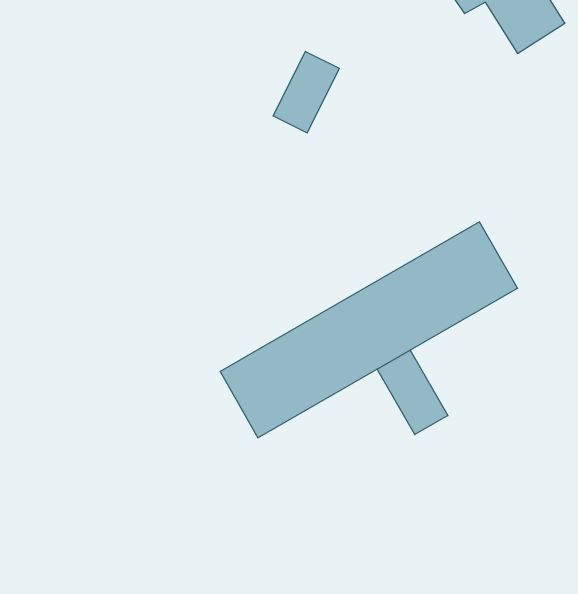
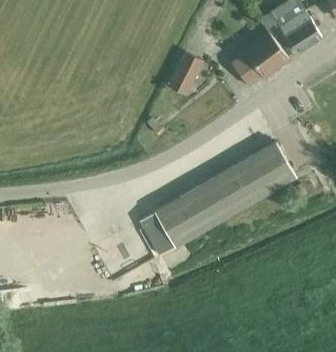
building: none -> [230,32,288,87]
building: [377,350,448,435] -> none

